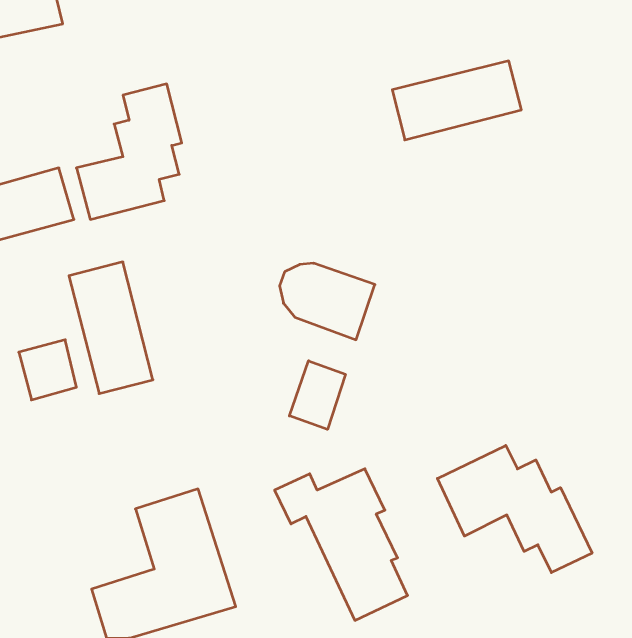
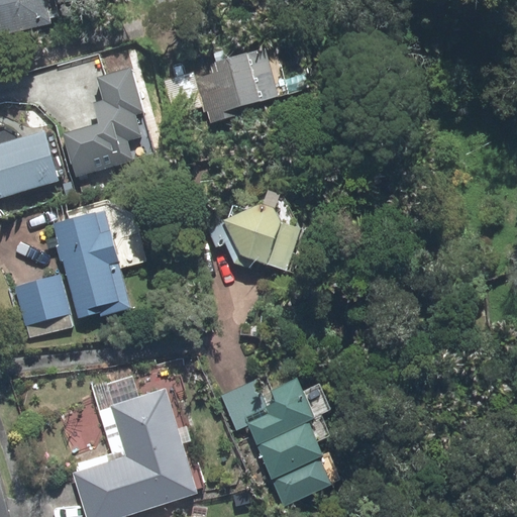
building: [392,61,521,140] -> [204,49,308,113]
building: [289,361,345,429] -> none
building: [437,445,592,573] -> none

